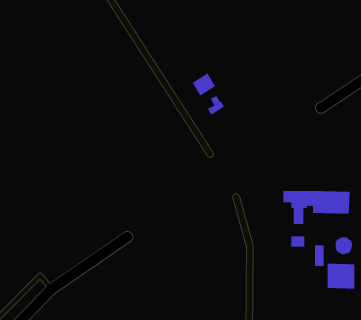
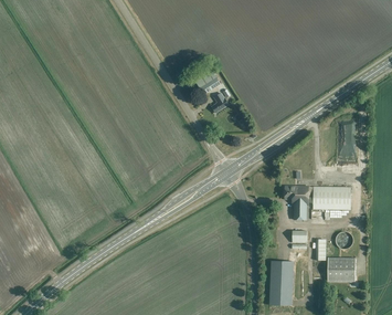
building: none -> [269,261,294,306]

